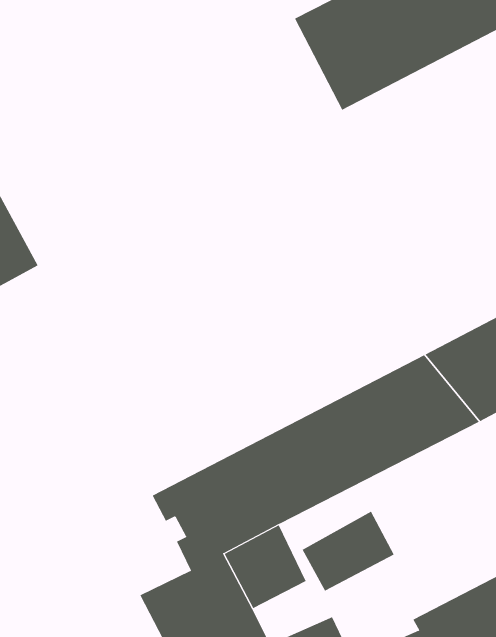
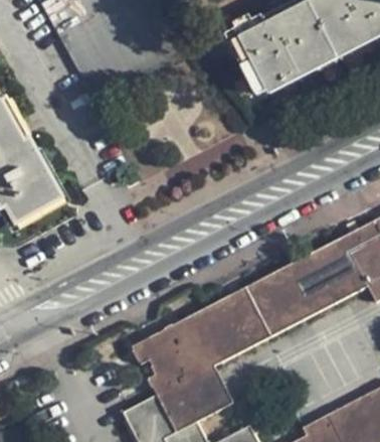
building: [302,511,395,592] -> none

